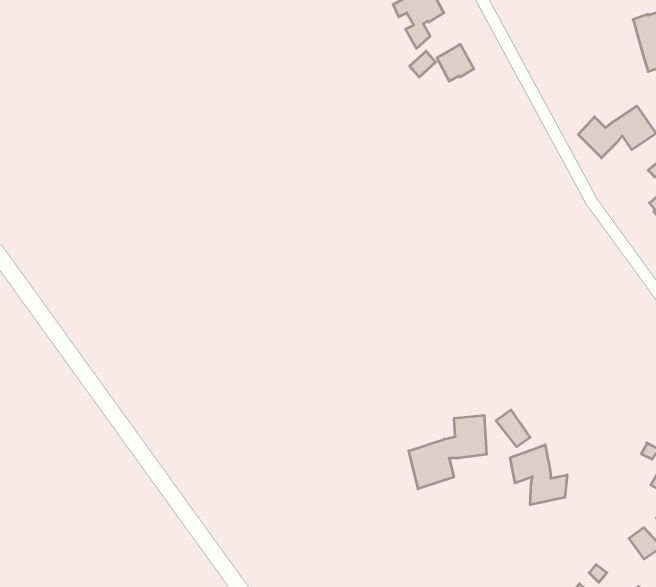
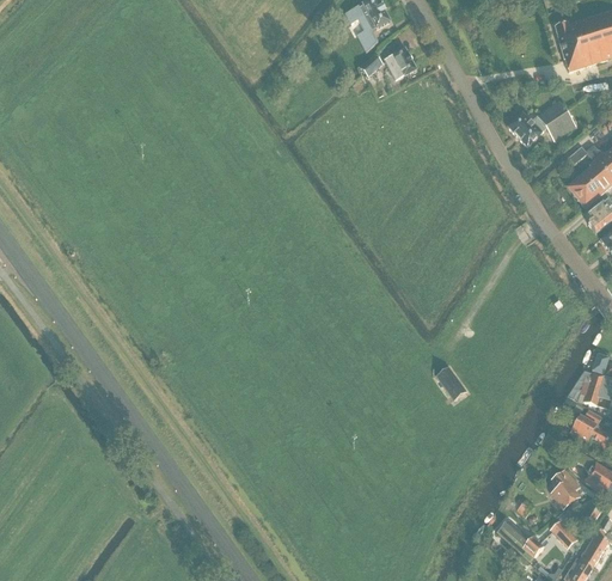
building: [409,415,486,489] -> none
building: [510,445,567,505] -> none

